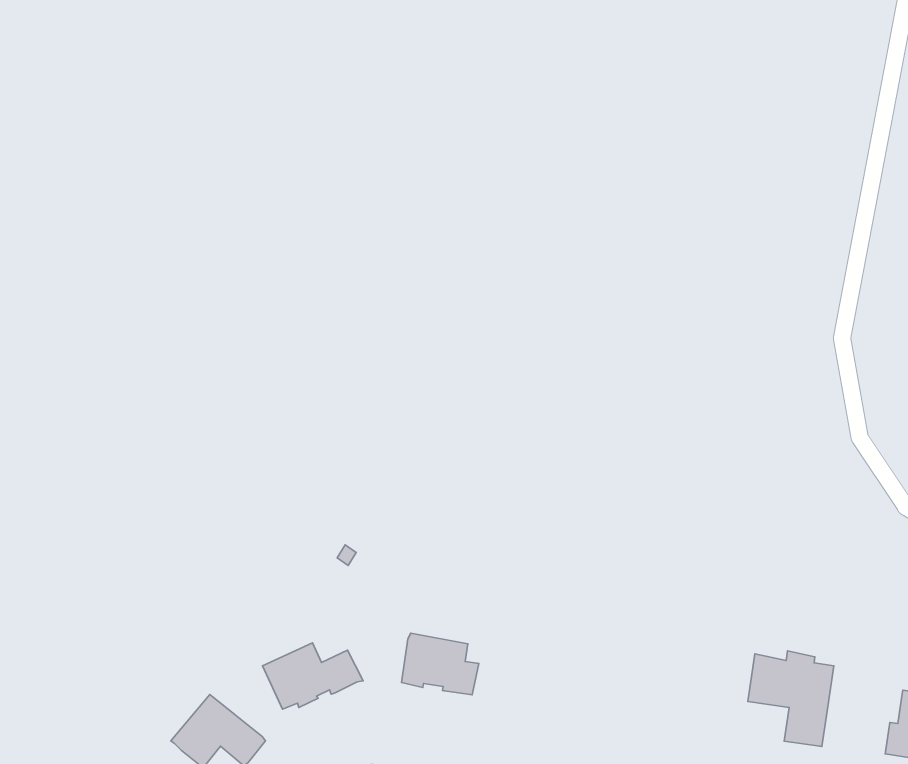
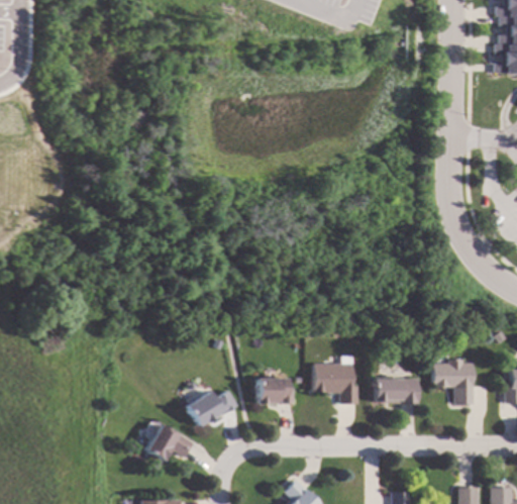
building: none -> [312,356,357,404]
building: none -> [374,378,418,403]

